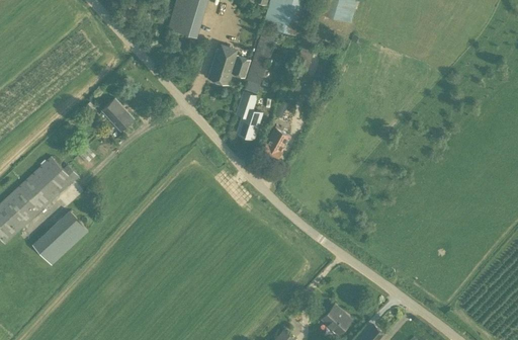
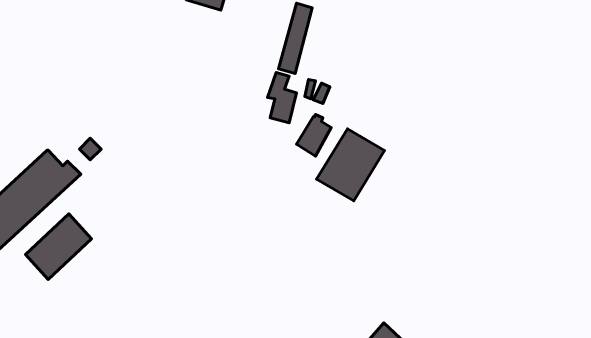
building: [206,44,249,85] -> none
building: [101,99,133,132] -> none
building: none -> [317,129,385,201]

